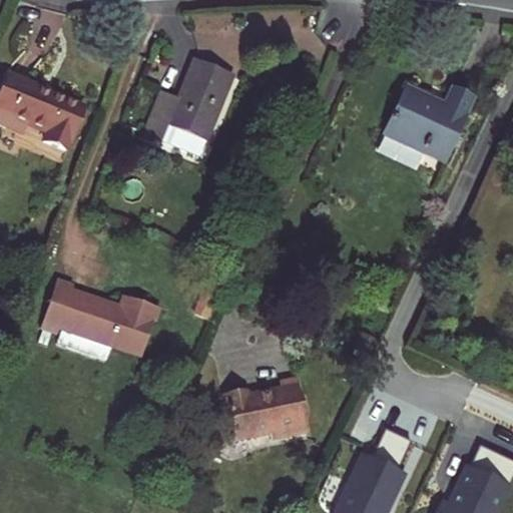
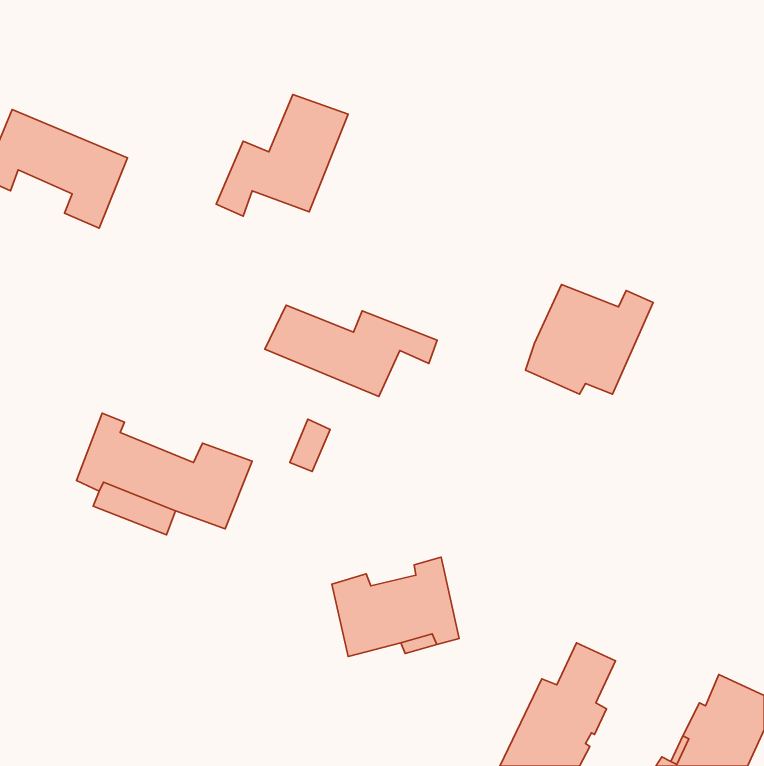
building: [375,94,460,167] -> [526,284,653,394]
building: [162,127,206,160] -> none
building: none -> [265,305,437,397]

